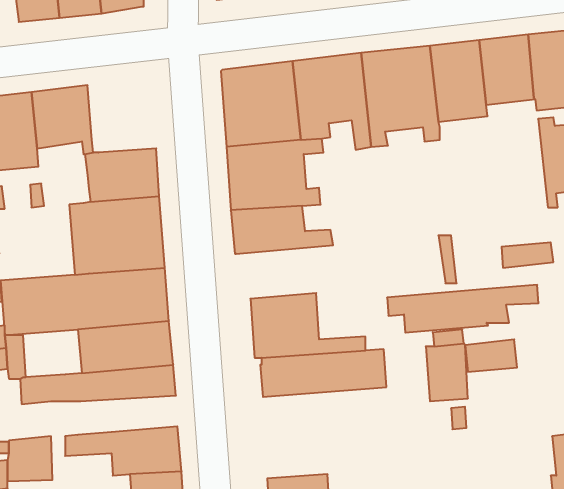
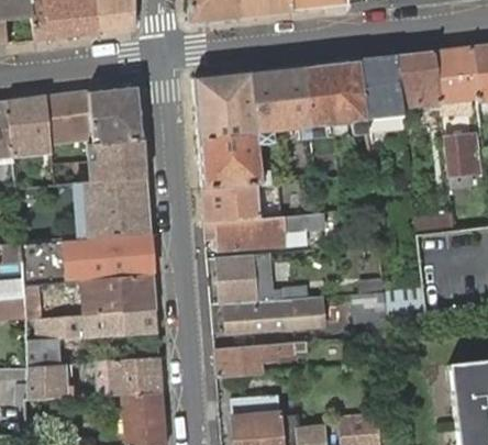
building: none -> [89,85,143,143]
building: [387,285,539,333] -> [206,212,324,249]
building: none -> [26,337,62,368]
building: none -> [214,342,307,377]

